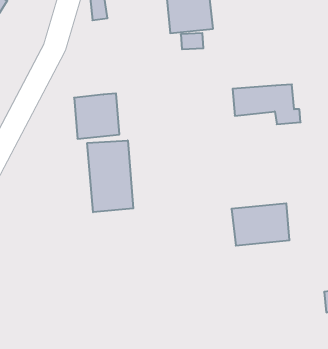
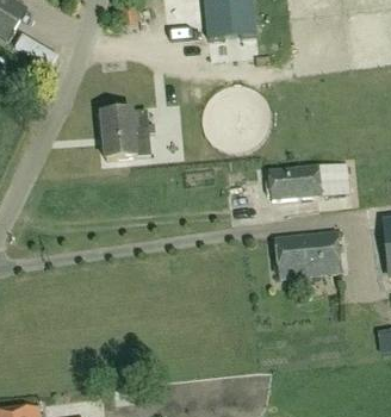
building: [233,84,301,124] -> [269,164,345,208]
building: [87,140,133,212] -> none

